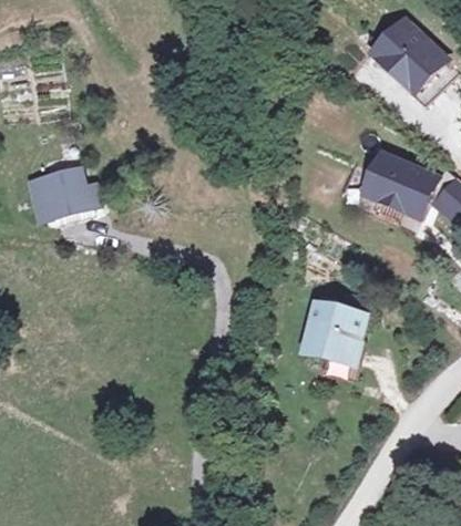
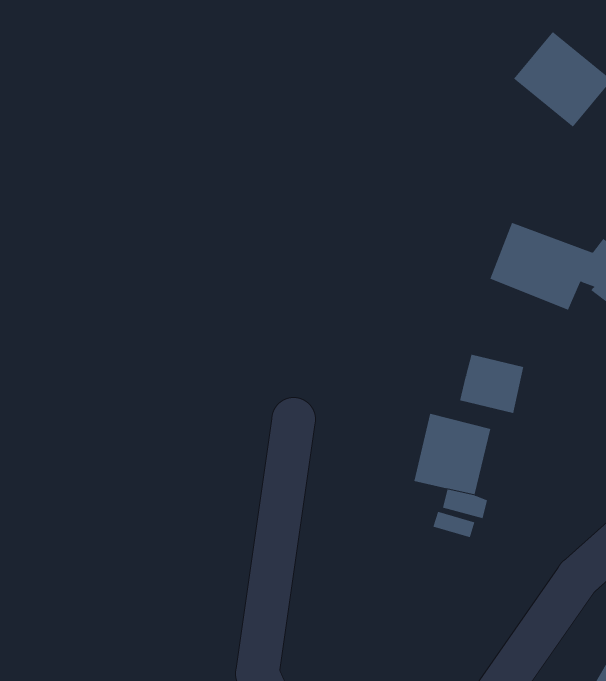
building: [31,178,88,227] -> none
building: none -> [460,354,524,414]

